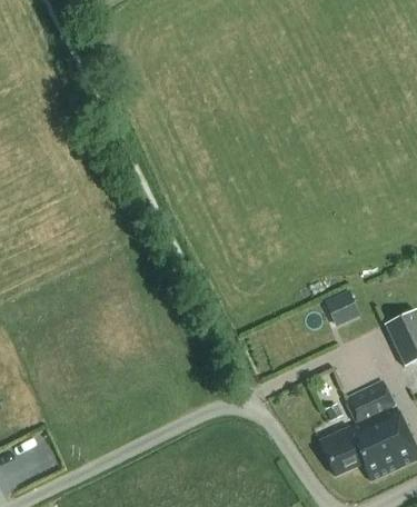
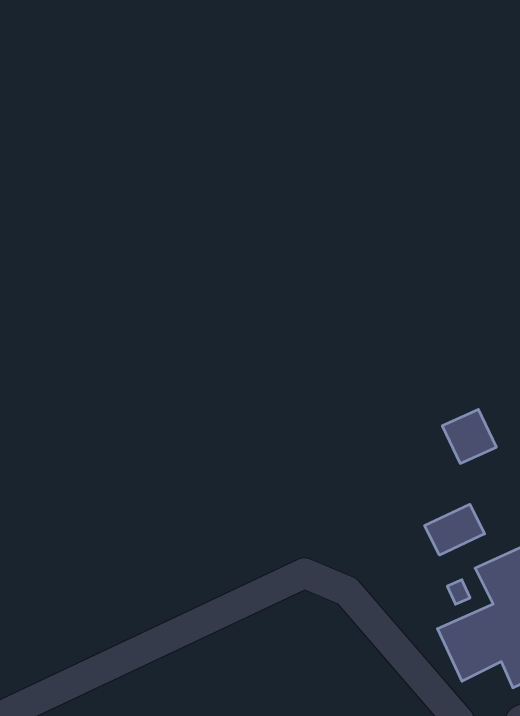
building: none -> [425,504,485,555]

